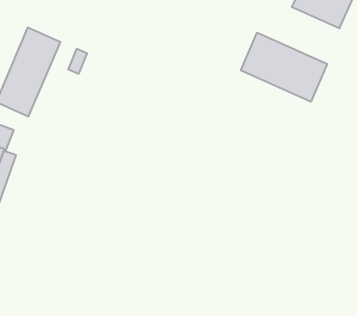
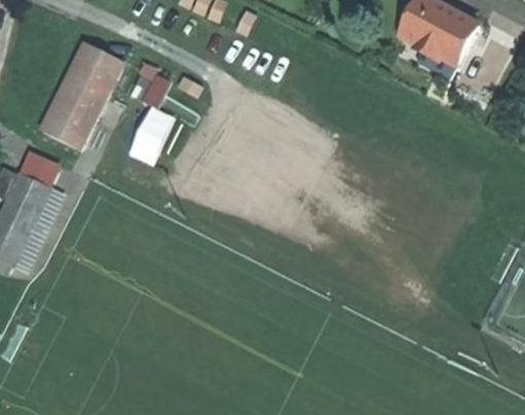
building: [241,33,327,102] -> none
building: none -> [130,102,175,161]

